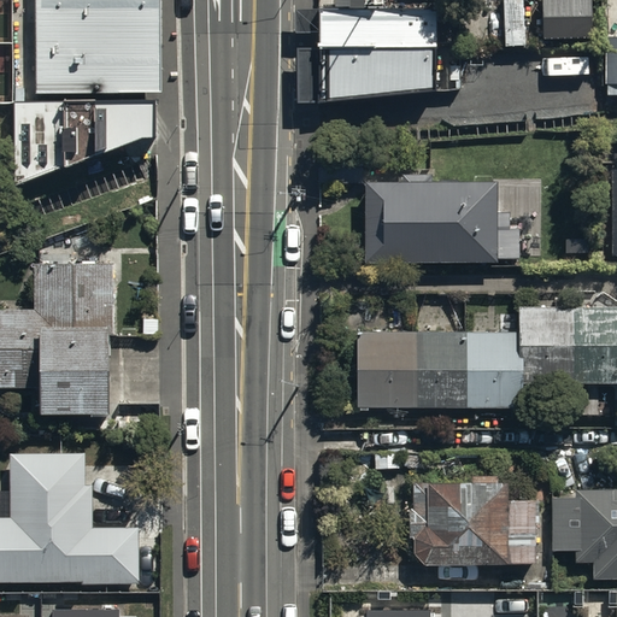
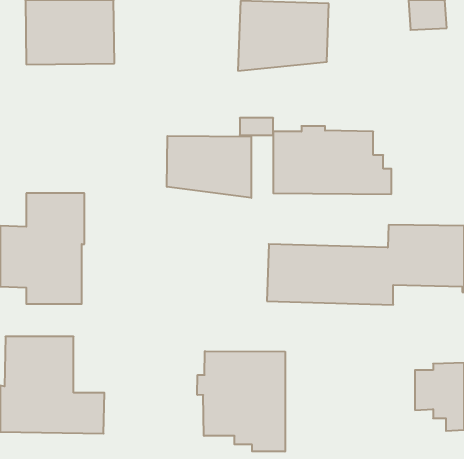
building: [13,94,153,184] -> none
building: none -> [167,136,251,198]
building: none -> [197,351,285,452]
building: [407,481,535,563] -> none

